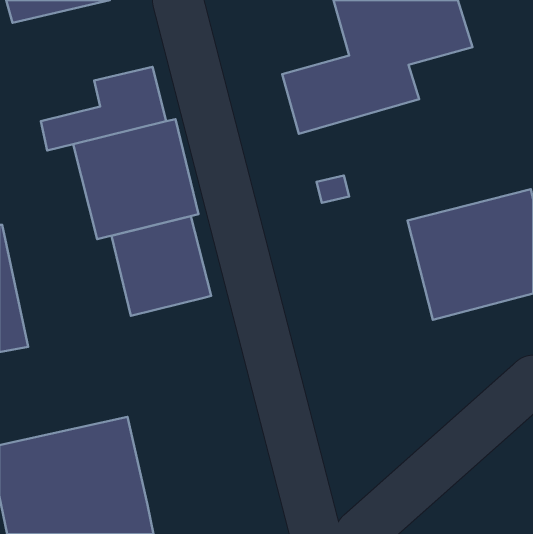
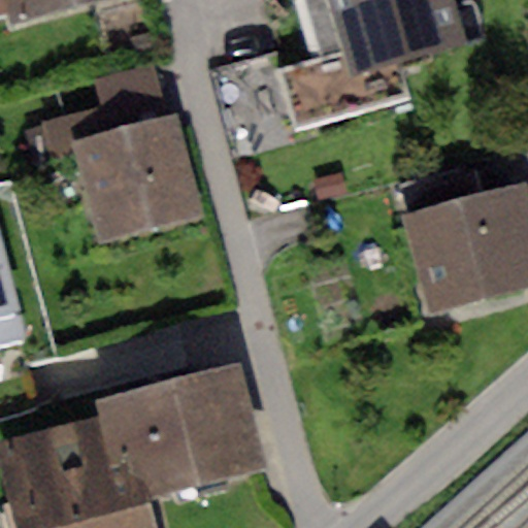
building: [111,216,211,316] -> none
building: none -> [121,362,263,498]

